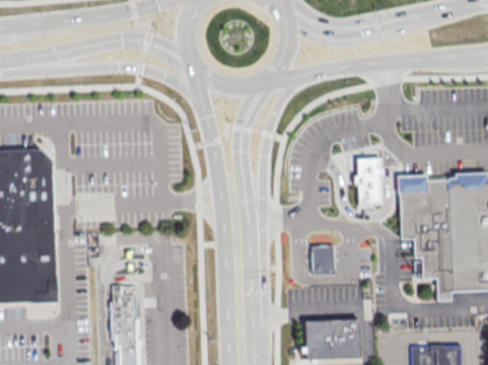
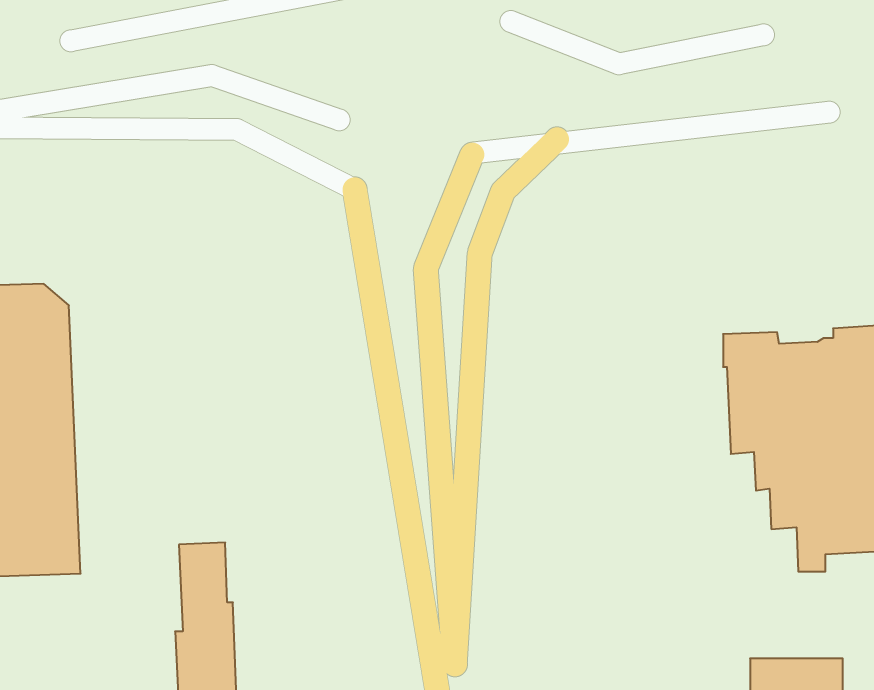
building: [353,159,384,206] -> none
building: [312,245,334,276] -> none
building: [304,318,360,357] -> none

